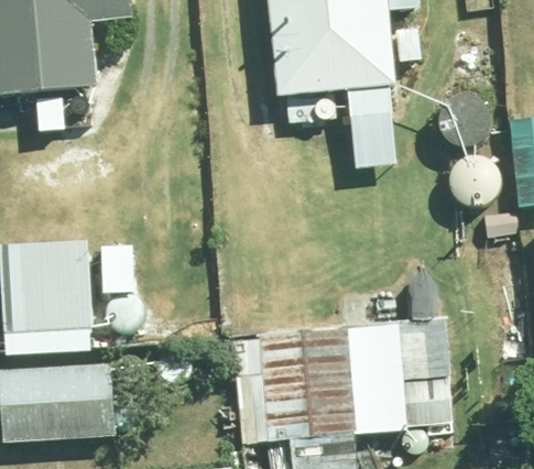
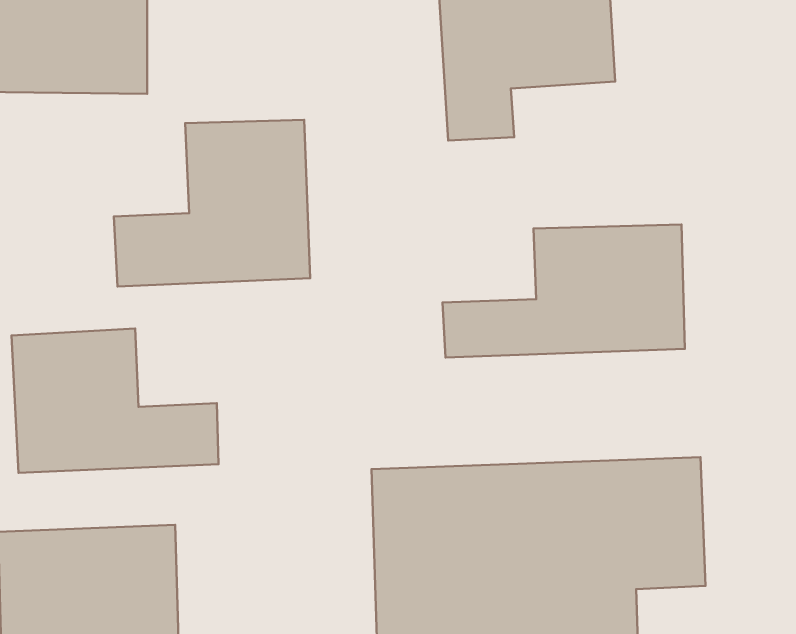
building: none -> [114,120,310,286]
building: none -> [442,225,685,358]

